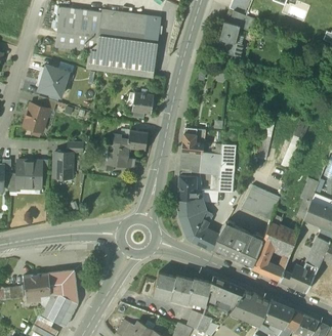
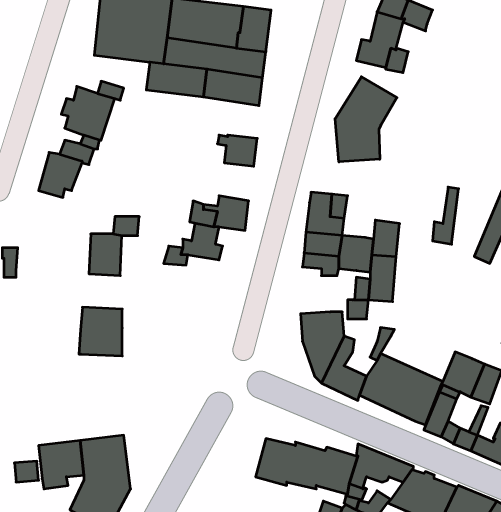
building: none -> [335,77,397,162]
building: [15,161,41,190] -> [79,307,122,356]
building: [178,172,196,200] -> none
building: [242,186,280,220] -> none

